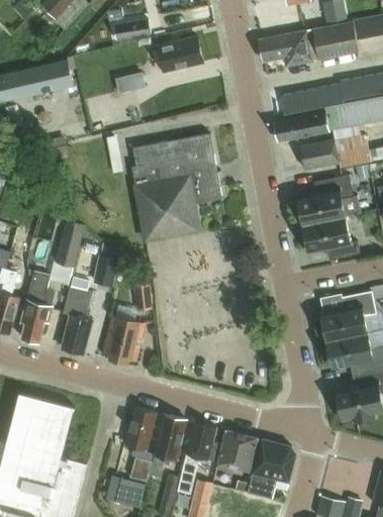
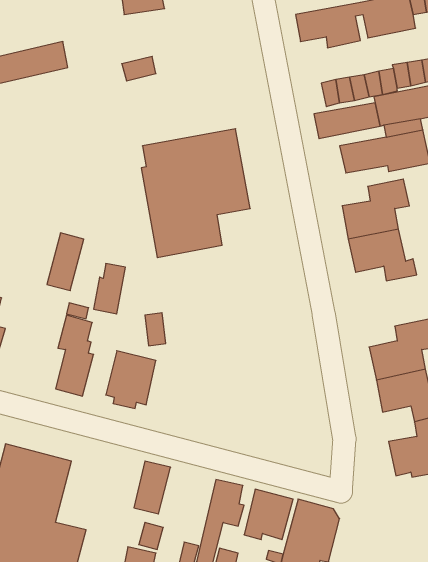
building: [157,36,200,72] -> none
building: [20,272,52,342] -> none
building: [149,414,186,477] -> none

